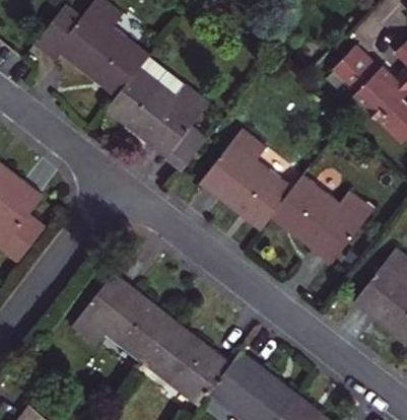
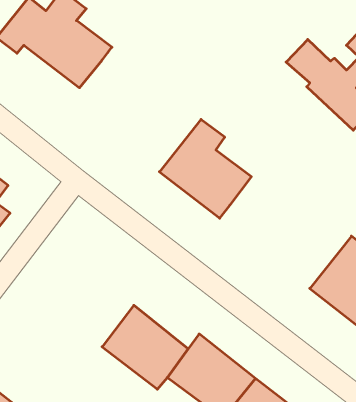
building: [107,60,211,179] -> none
building: [272,174,376,264] -> none
building: [71,274,174,362] -> none

